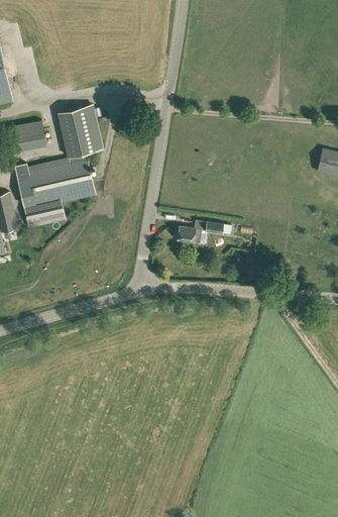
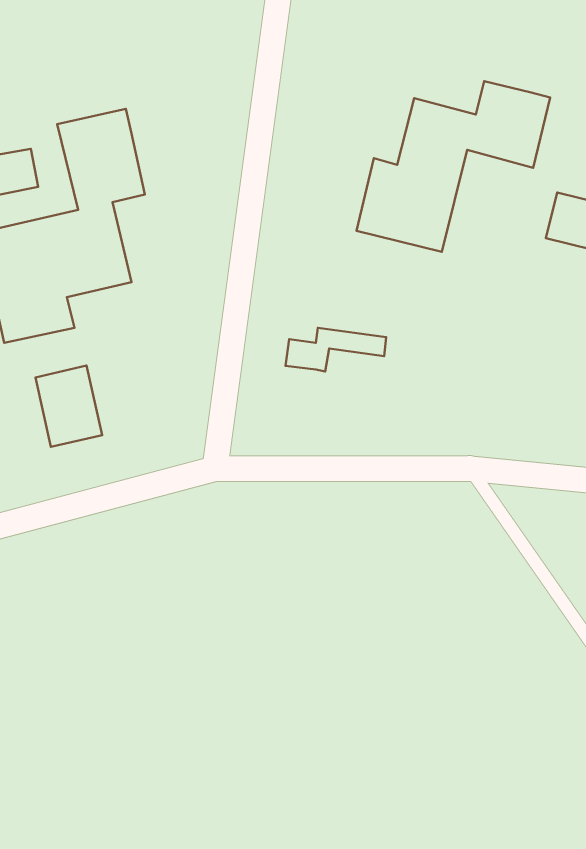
building: none -> [356,81,550,252]
building: none -> [35,366,102,447]

